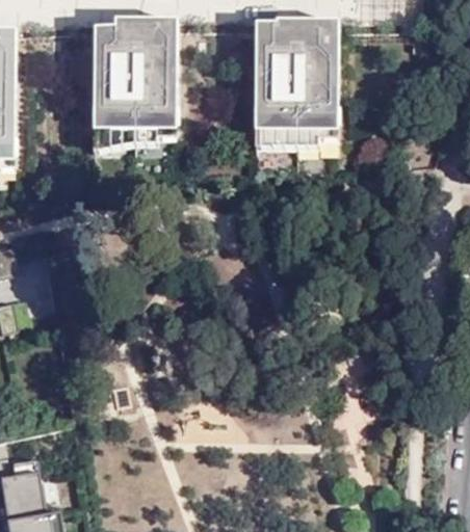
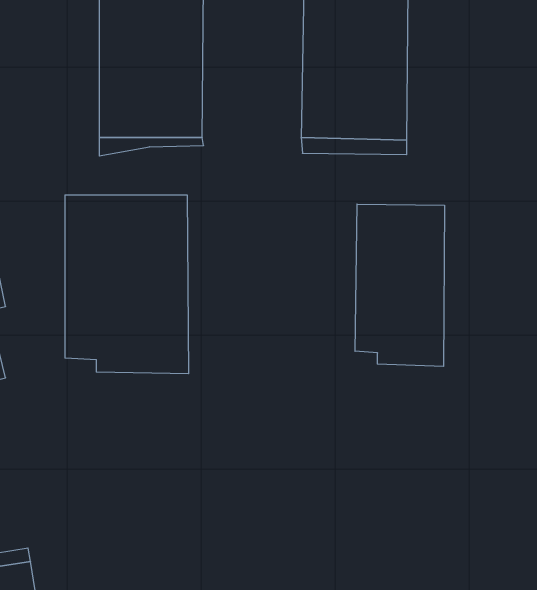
building: none -> [65,195,189,374]
building: none -> [355,204,444,366]

